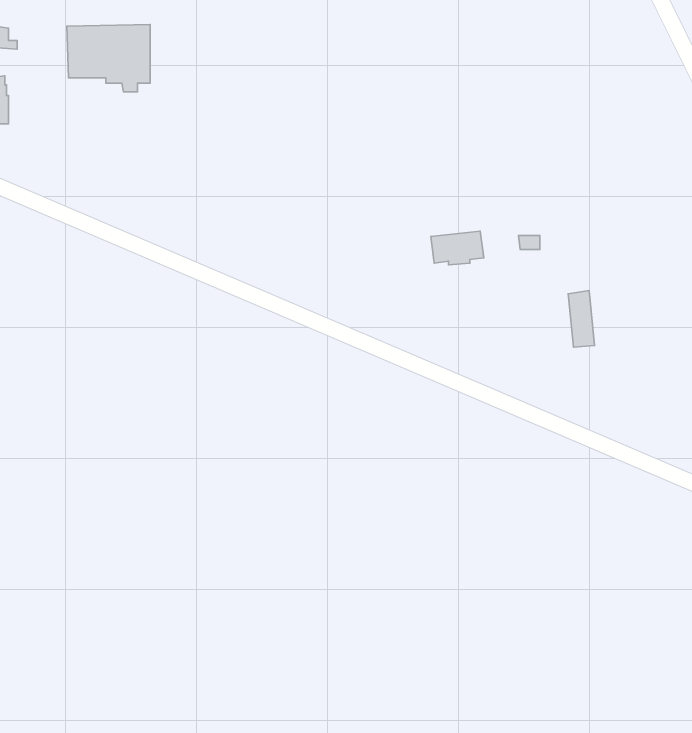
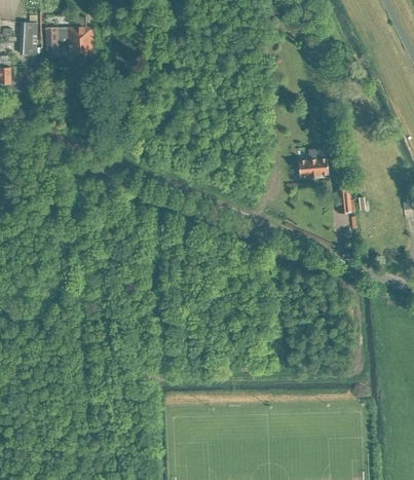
building: none -> [20,22,38,54]
building: [431,231,484,265] -> [298,157,329,177]

